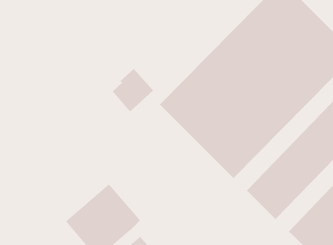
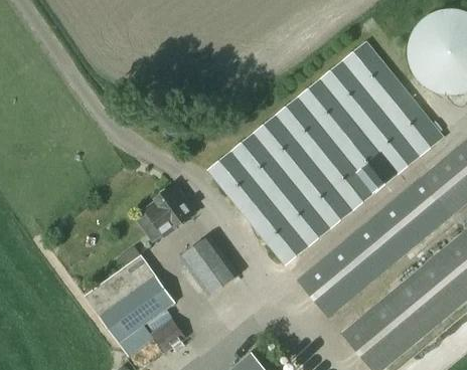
building: [112,68,154,112] -> [145,185,193,235]
building: none -> [178,234,238,296]

